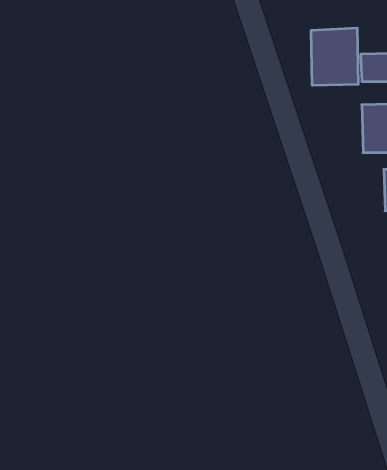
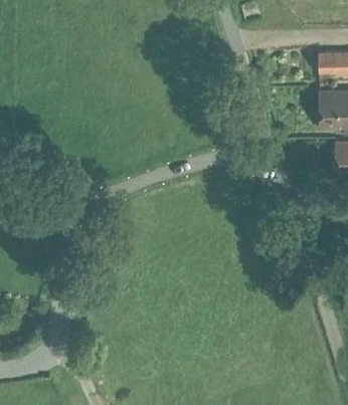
building: [311,28,358,85] -> none

